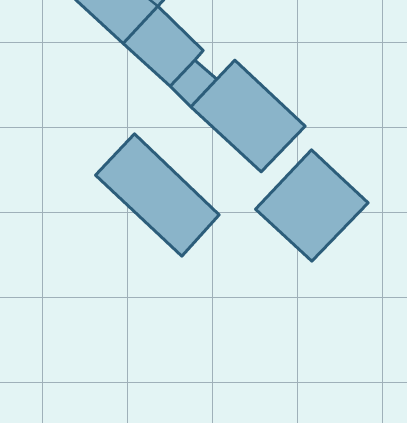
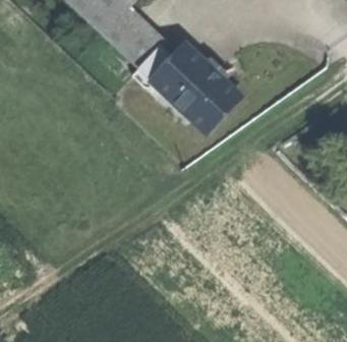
building: [96,134,219,256] -> none
building: [256,150,368,261] -> none

